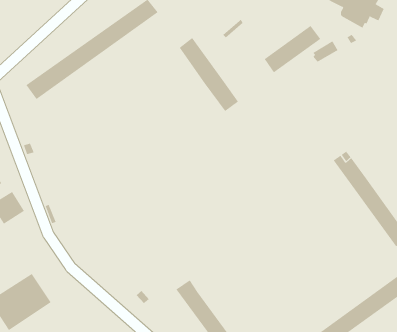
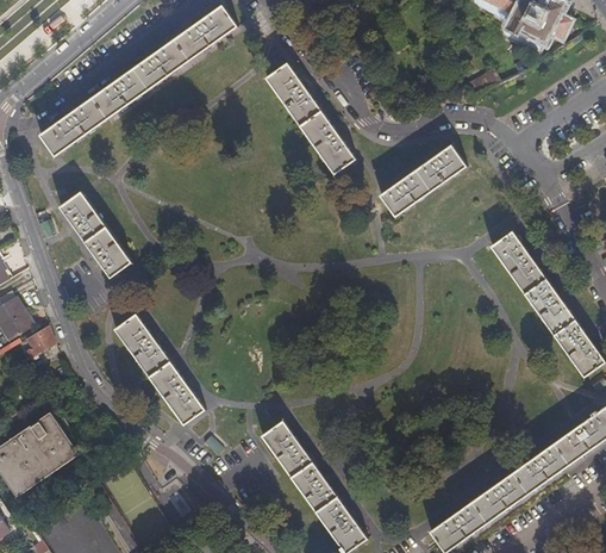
building: [264,25,321,73] -> [381,145,466,216]
building: none -> [58,189,130,277]
building: none -> [114,313,202,423]
building: none -> [23,323,58,359]

